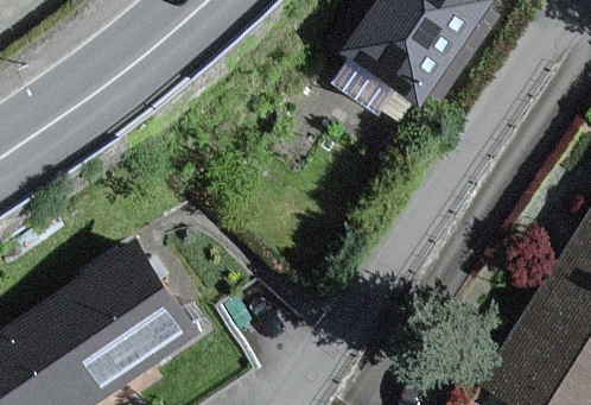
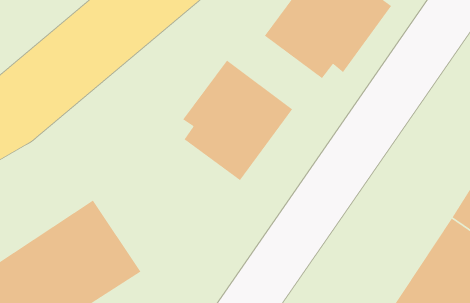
building: none -> [182,59,293,181]

